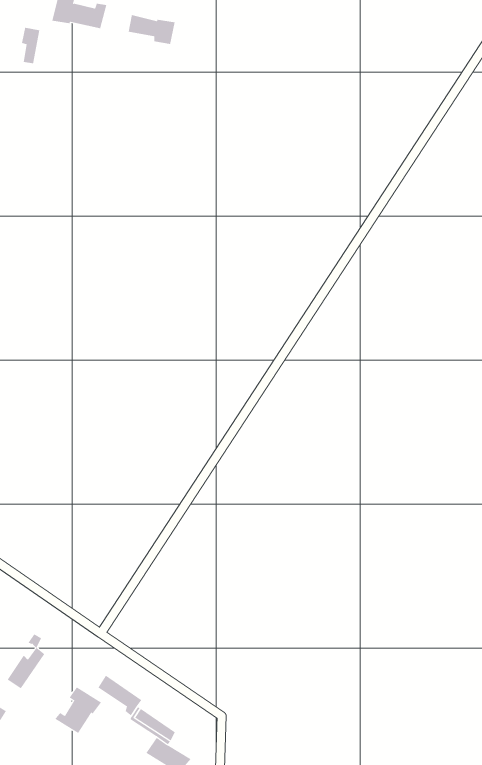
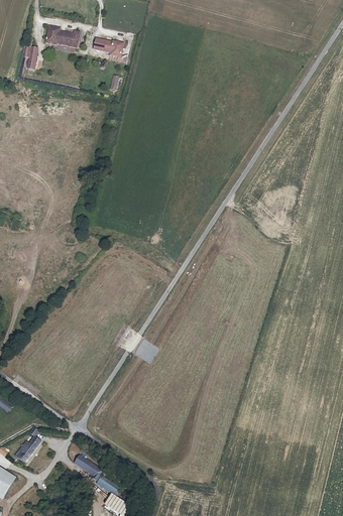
building: [55,686,102,734] -> none

